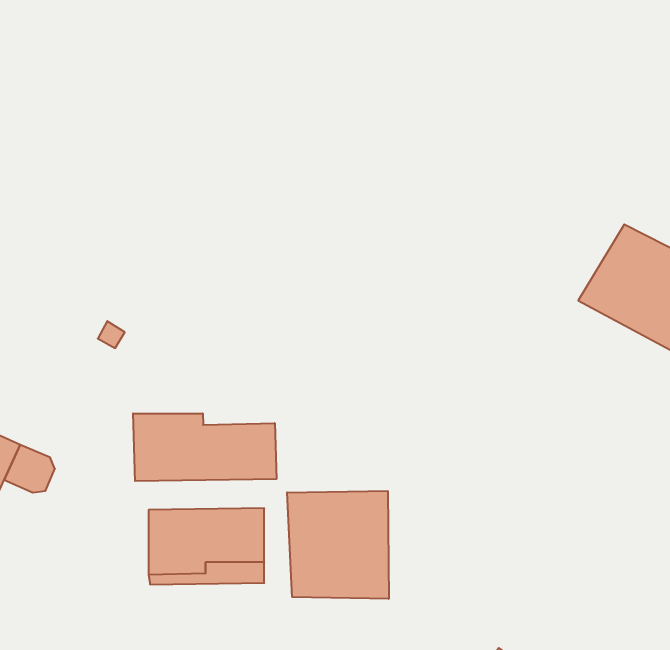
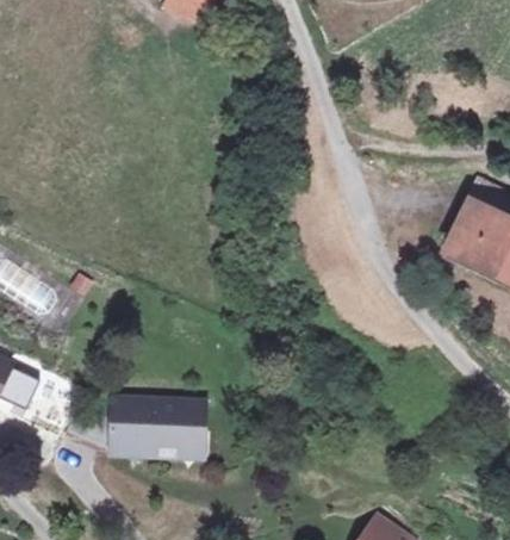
building: [133,413,276,481] -> none
building: [287,491,389,599] -> none

